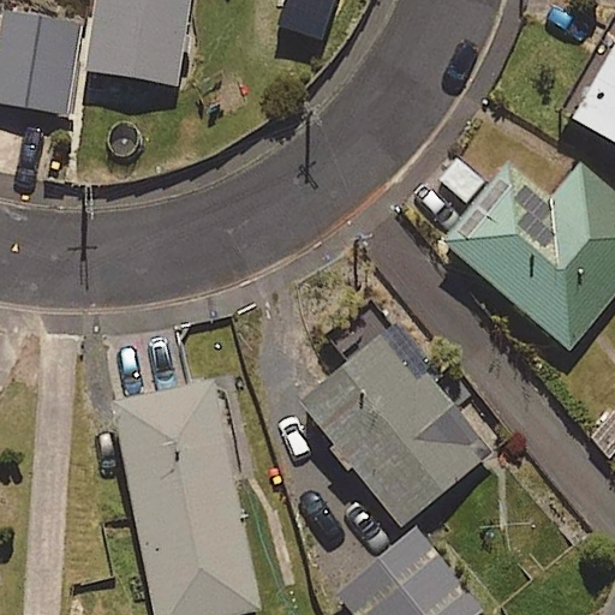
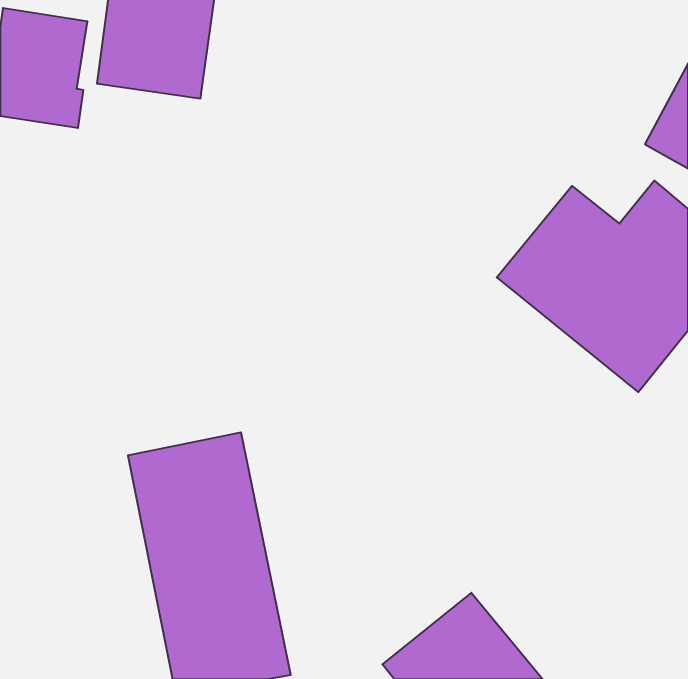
building: [301,340,492,527] -> none

